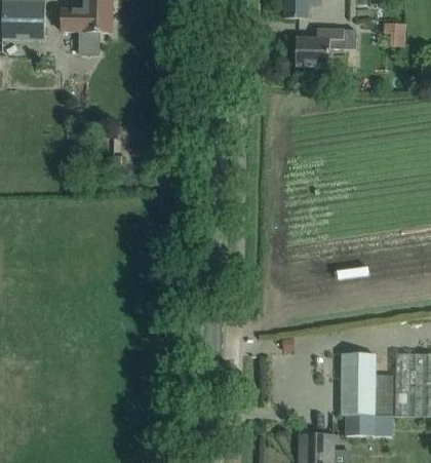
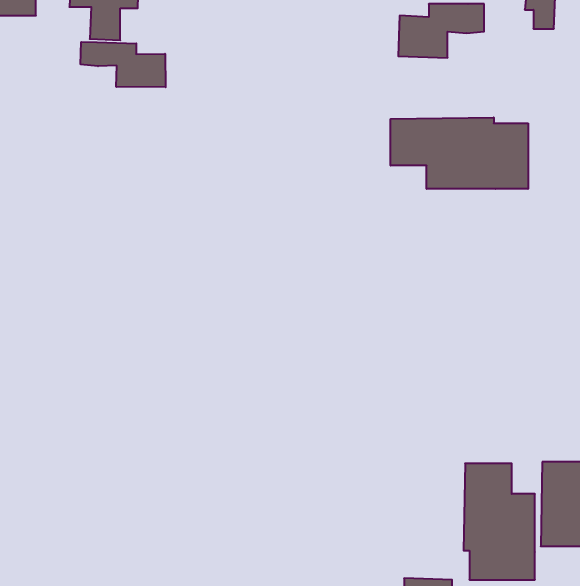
building: none -> [81,42,166,87]
building: none -> [391,117,528,189]

